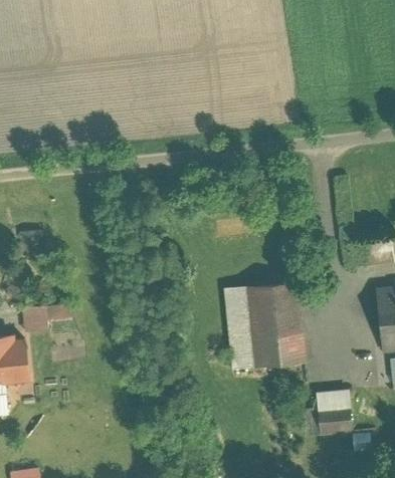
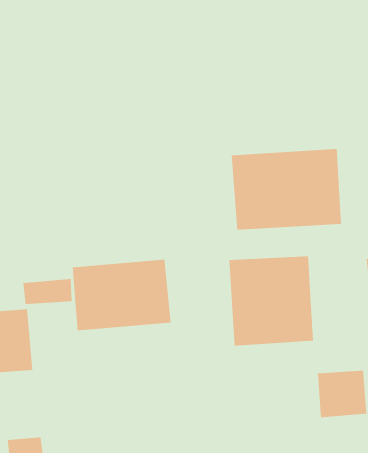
building: none -> [231,148,341,231]
building: none -> [72,259,171,331]

